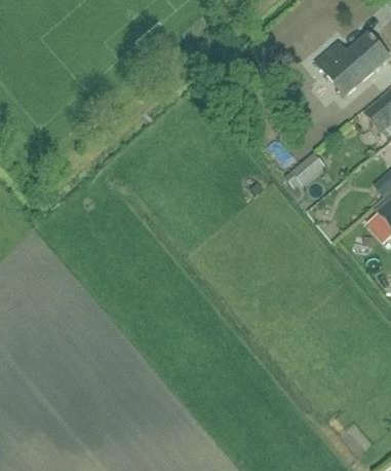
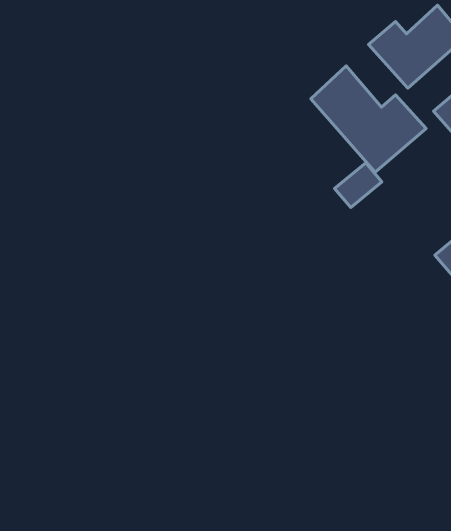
building: none -> [311,66,426,172]

